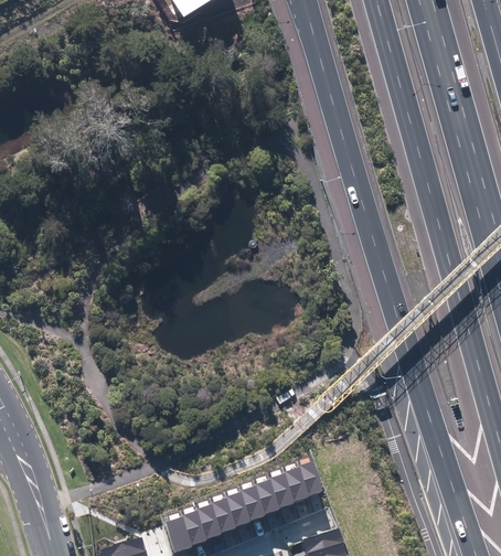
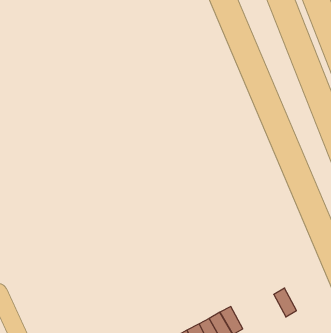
building: [296,461,322,498] -> [274,288,296,317]

